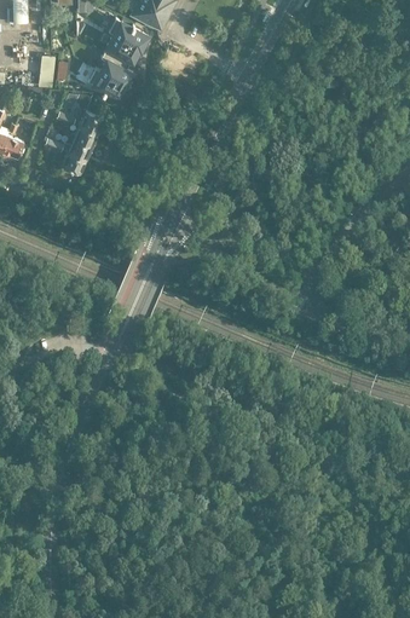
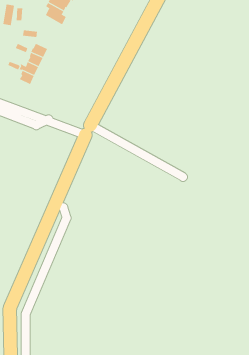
building: [86,69,127,100] -> none

